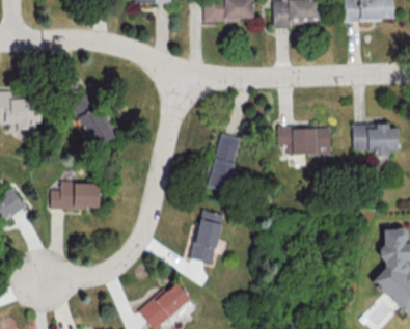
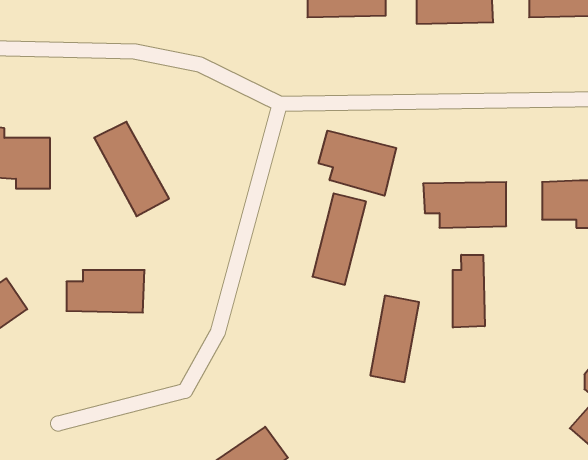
building: none -> [319,131,396,196]
building: none -> [453,255,485,328]
building: [191,209,222,264] -> [370,296,419,382]

